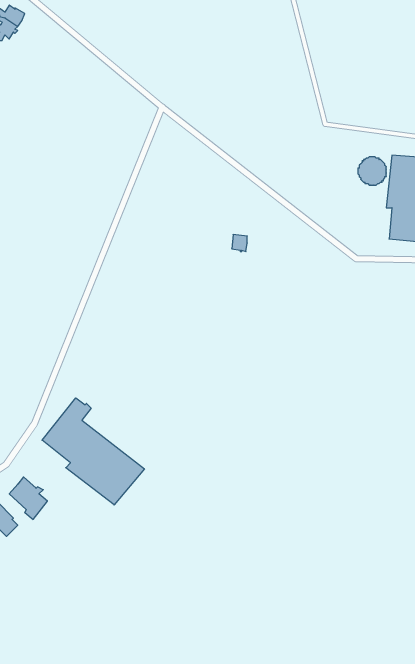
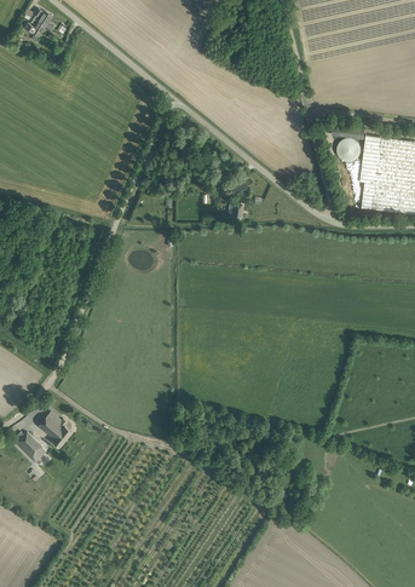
building: [42,398,144,505] -> none

